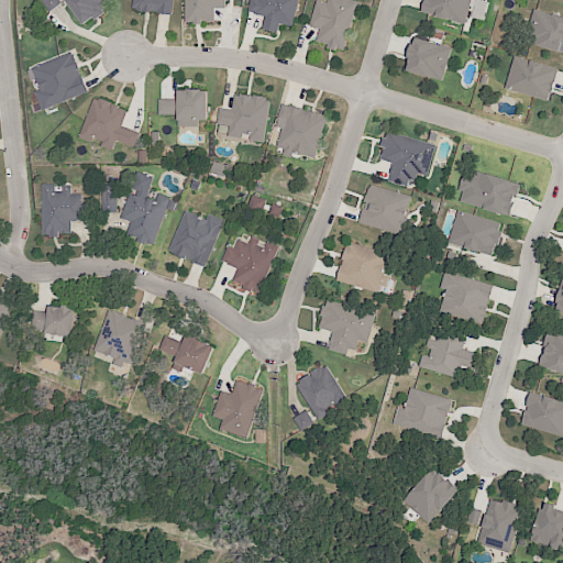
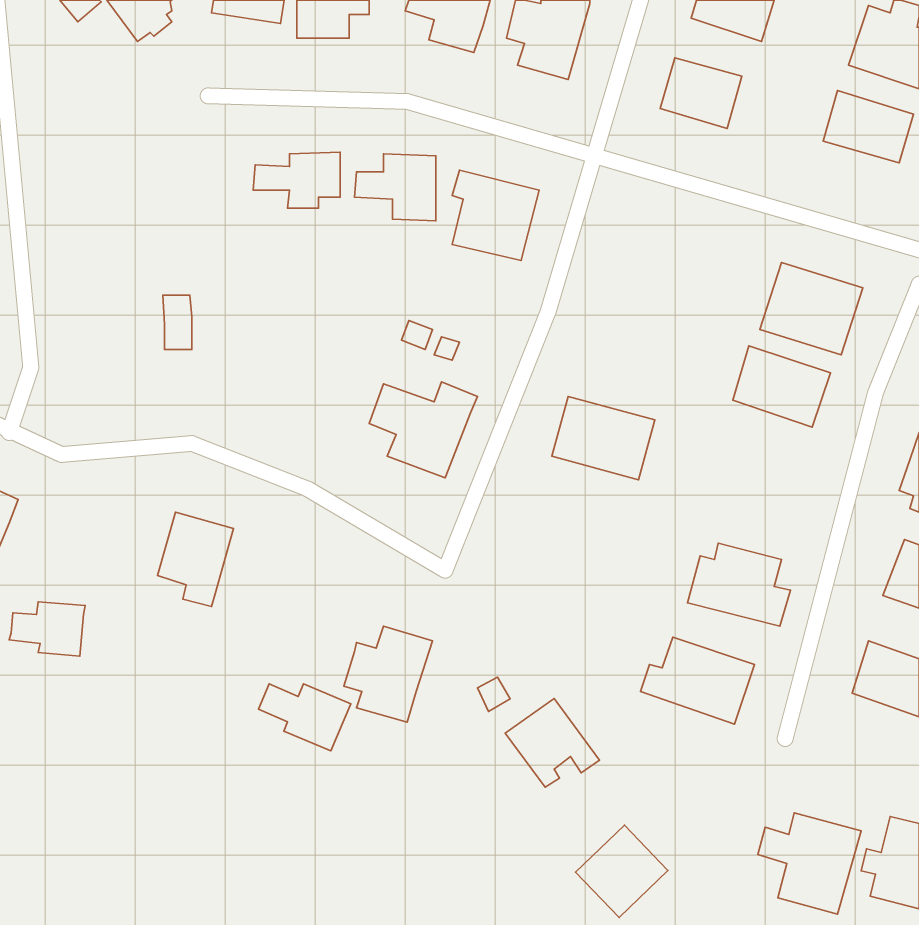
building: [26,47,88,109] -> none
building: [80,100,137,147] -> none
building: [377,128,434,186] -> none
building: [120,169,172,244] -> none
building: [358,183,420,234] -> none
building: [38,186,87,235] -> none
building: [167,213,218,265] -> none
building: [441,269,497,318] -> none
building: [317,292,374,354] -> none
building: [31,305,77,338] -> [9,602,85,656]
building: [155,333,211,374] -> [258,684,351,751]
building: [295,365,352,419] -> [505,699,599,787]
building: [404,464,460,520] -> [576,825,668,917]

